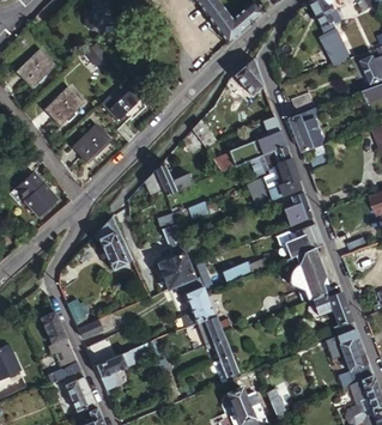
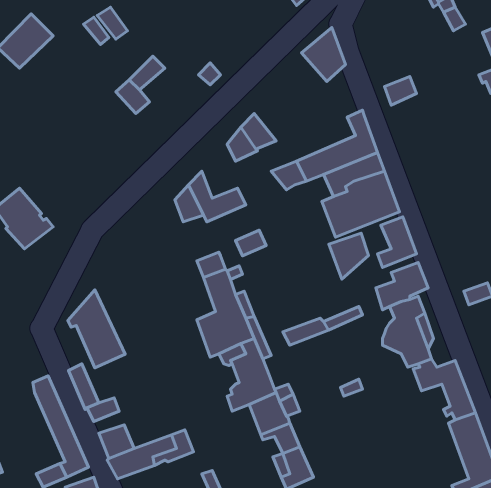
building: [43,85,83,125] -> none
building: [289,109,323,153] -> none
building: [71,125,109,162] -> none
building: none -> [329,233,369,279]
building: [90,214,131,269] -> [68,290,125,368]

